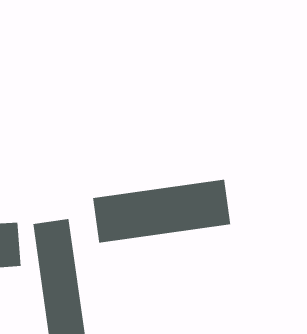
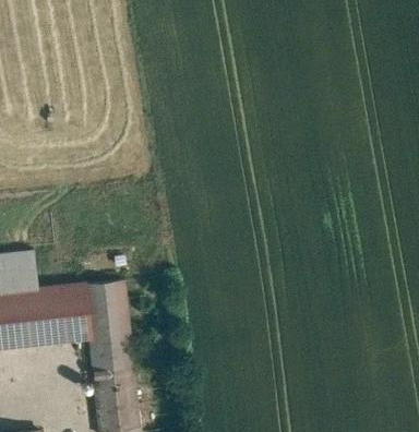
building: [92,179,231,244] -> none

